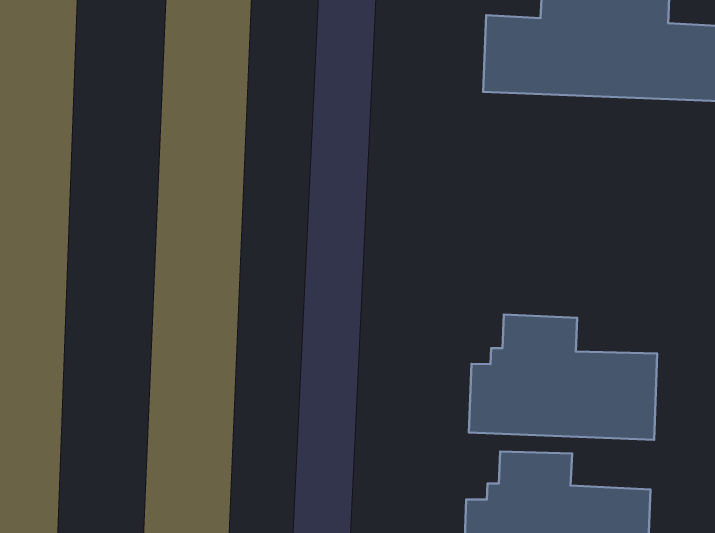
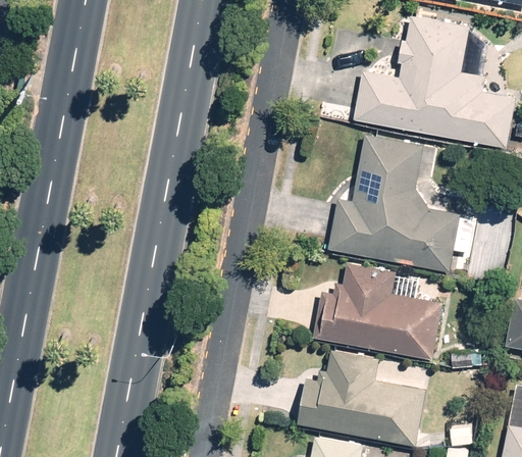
building: none -> [327,136,460,271]

